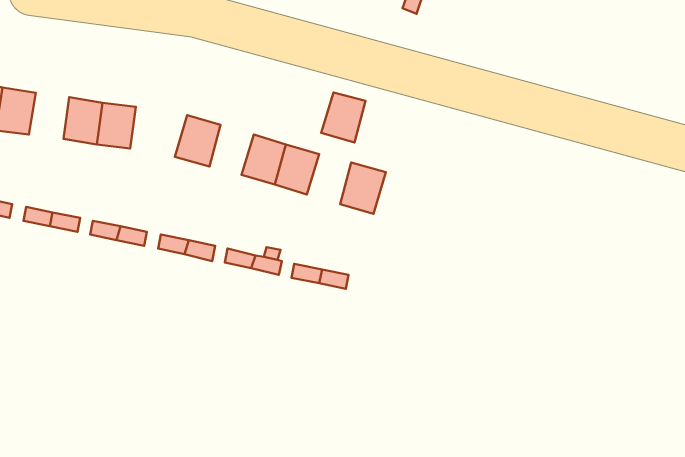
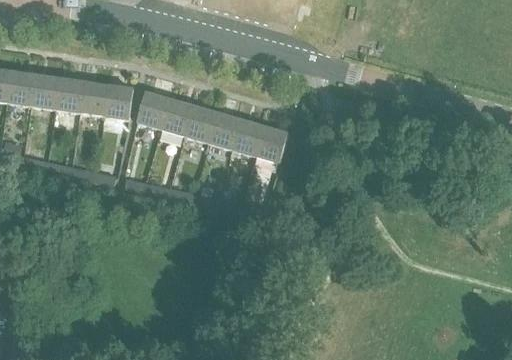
building: [321,92,366,142] -> [231,119,263,155]
building: none -> [31,75,60,108]
building: none -> [104,85,133,119]
building: none -> [161,98,193,134]

